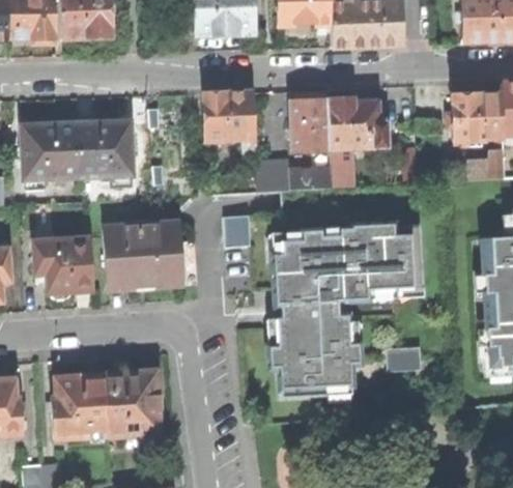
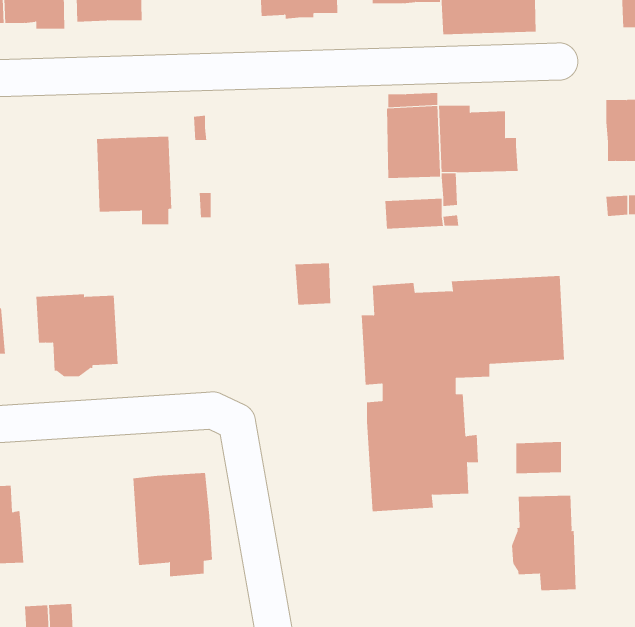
building: [204,90,256,140] -> none
building: [21,122,79,189] -> none
building: [257,162,290,191] -> none
building: [104,222,183,286] -> none
building: [51,372,108,439] -> none
building: none -> [512,495,576,591]

